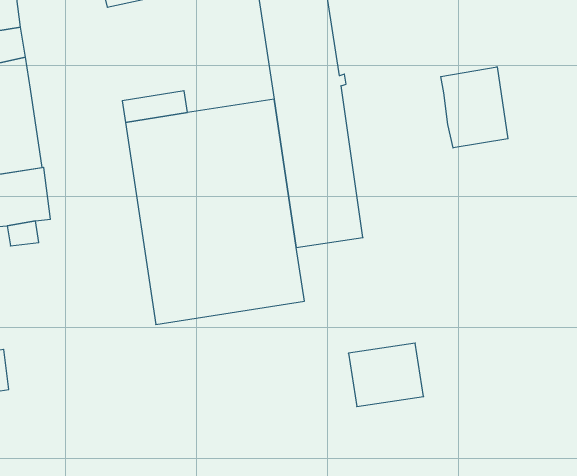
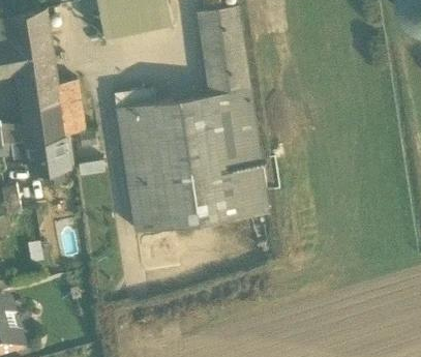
building: [441,67,508,148] -> none
building: none -> [59,83,90,135]
building: [348,343,424,407] -> [223,178,270,217]

